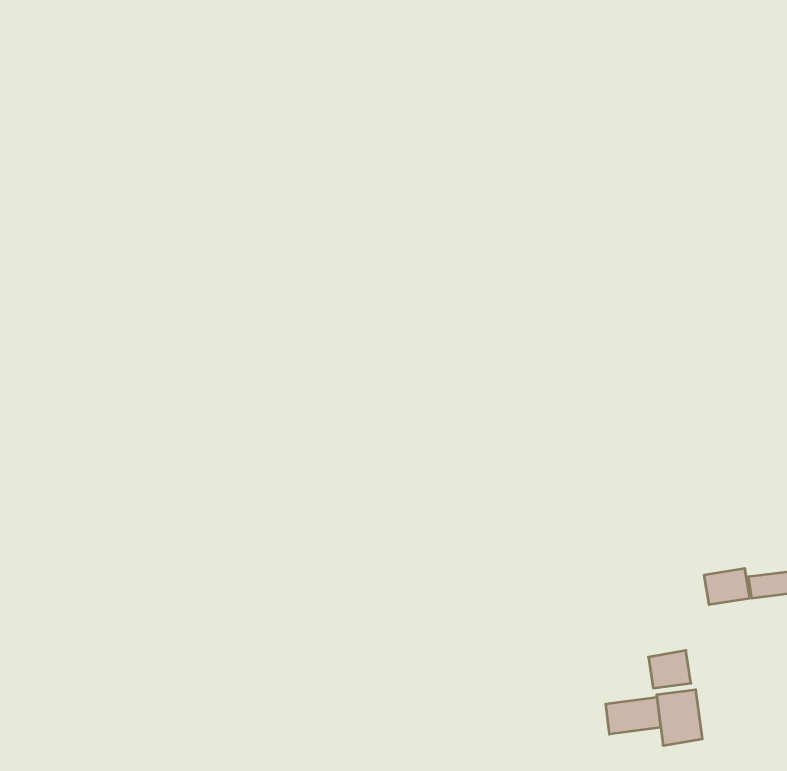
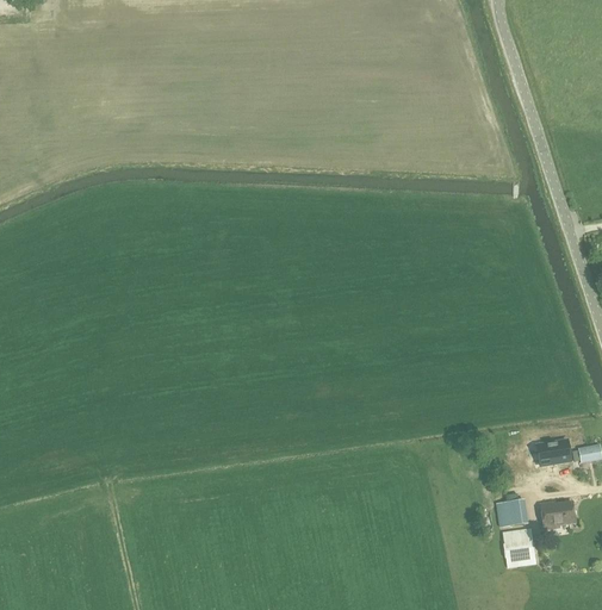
building: none -> [540,500,575,528]
building: [606,697,661,734] -> none

